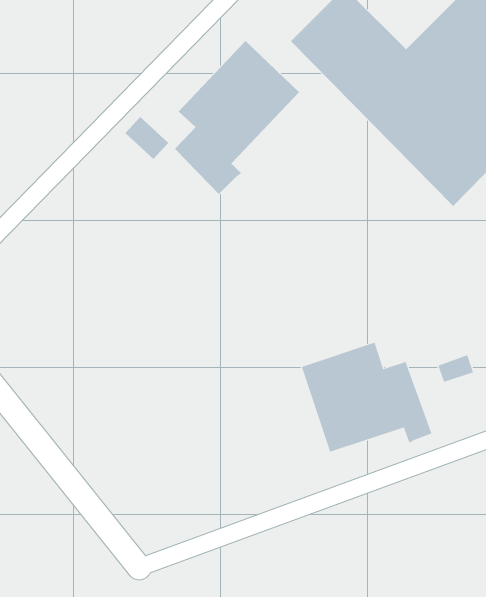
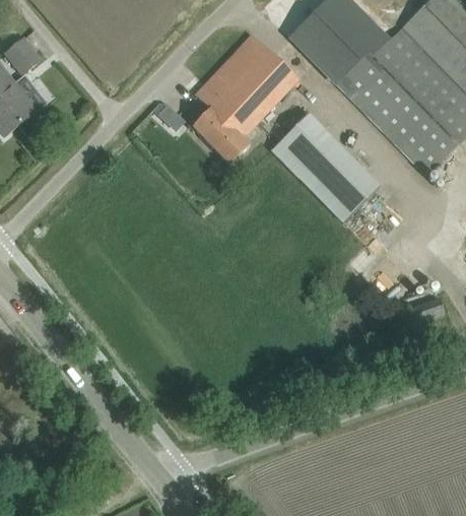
building: none -> [273,110,385,222]
building: [301,342,432,453] -> none

